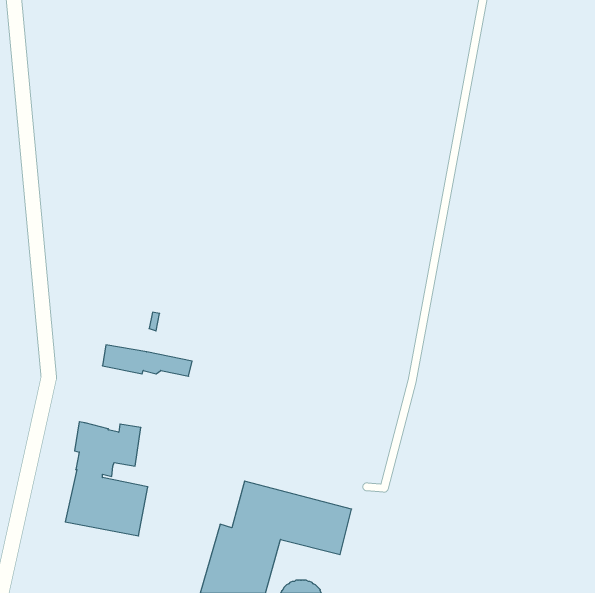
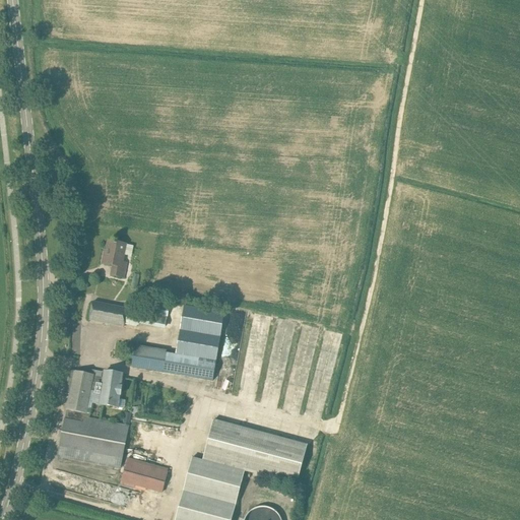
building: none -> [103,240,127,276]
building: none -> [131,306,224,380]
building: none -> [121,456,169,492]

